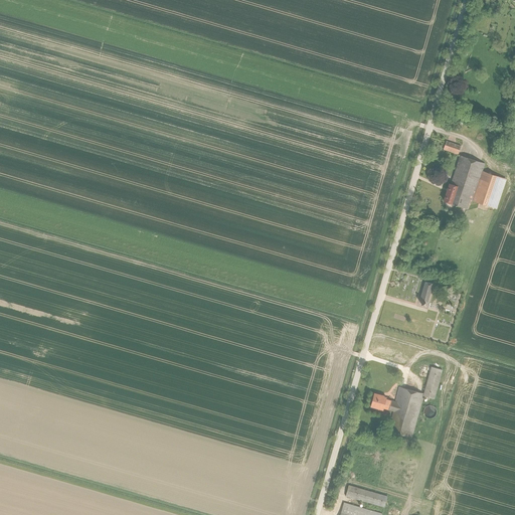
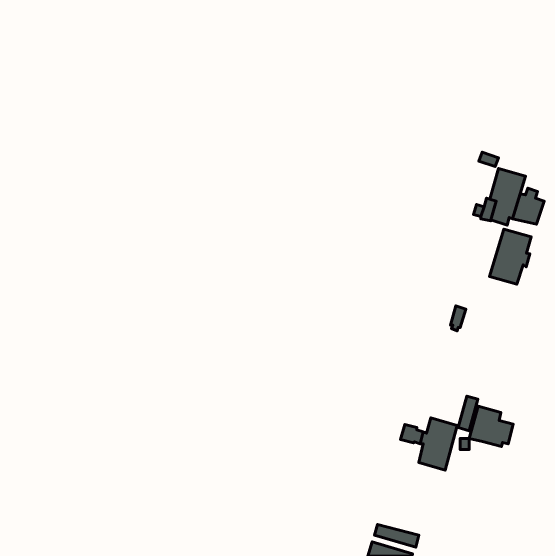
building: none -> [489,229,531,284]
building: none -> [469,406,513,446]

